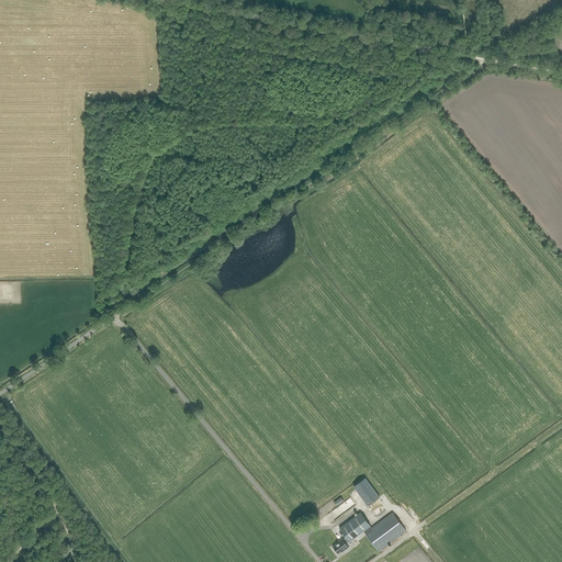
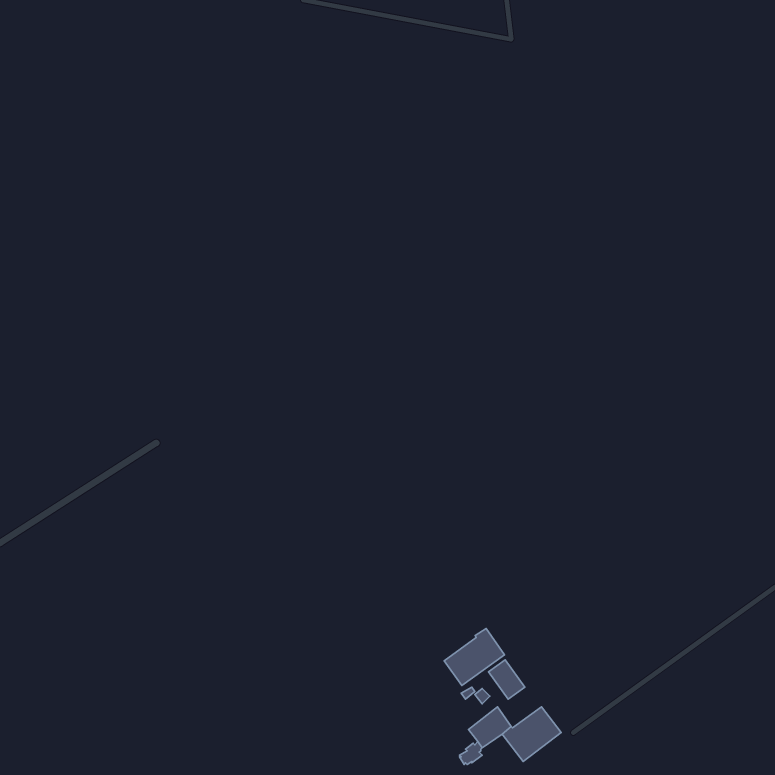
building: none -> [444,628,505,686]

